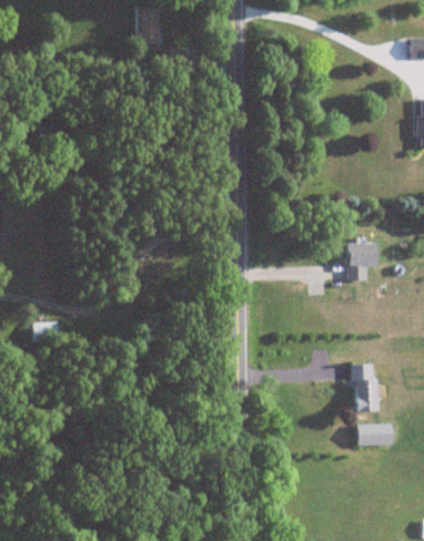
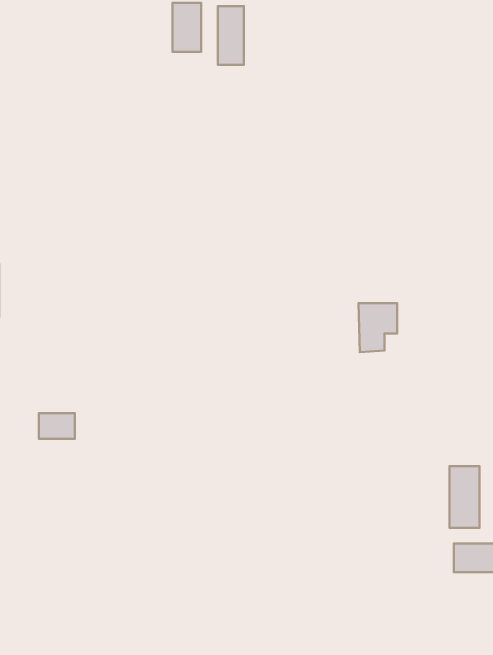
building: none -> [218,6,244,65]
building: [349,242,378,279] -> [359,303,397,352]

